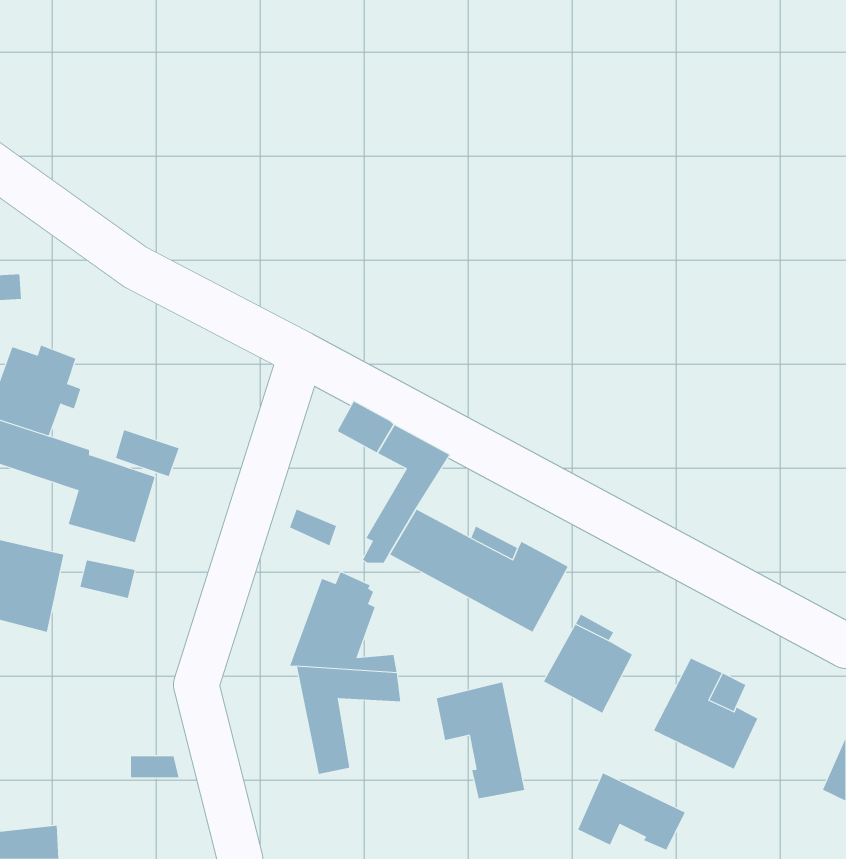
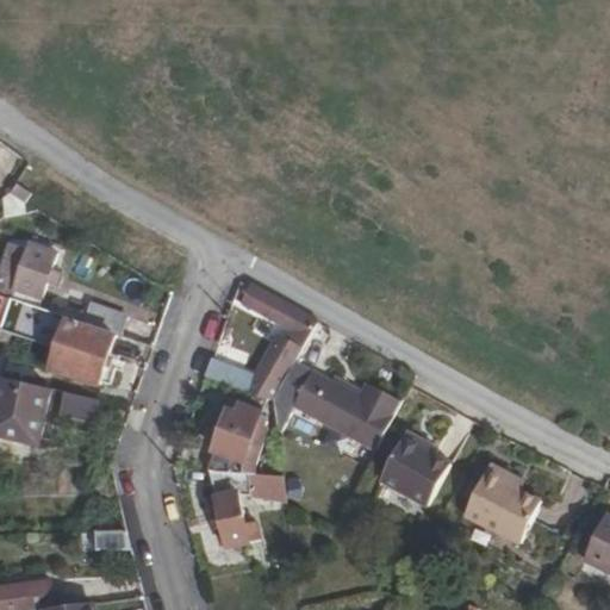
building: [436,682,525,799] -> none
building: [578,773,685,851] -> none

